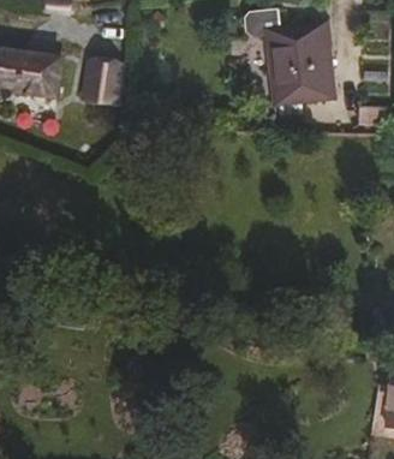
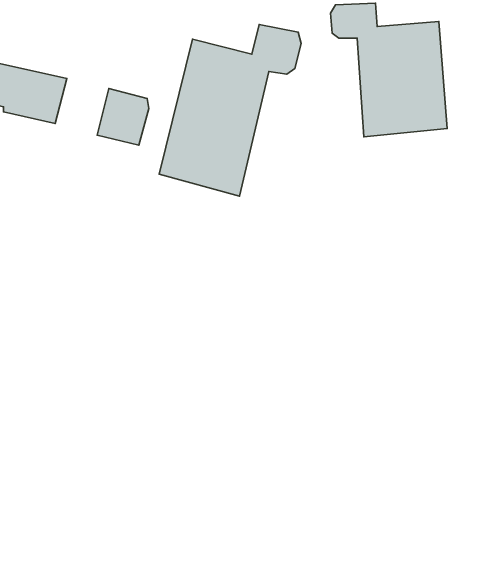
building: none -> [159,25,301,196]

